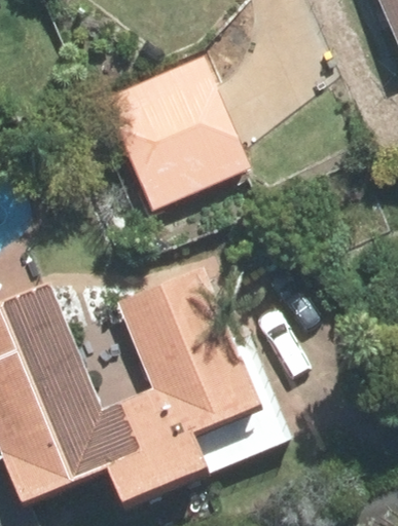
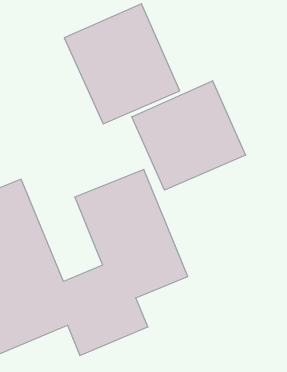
building: none -> [132,81,246,190]

